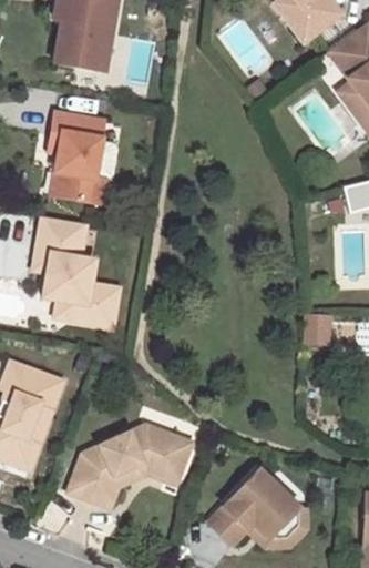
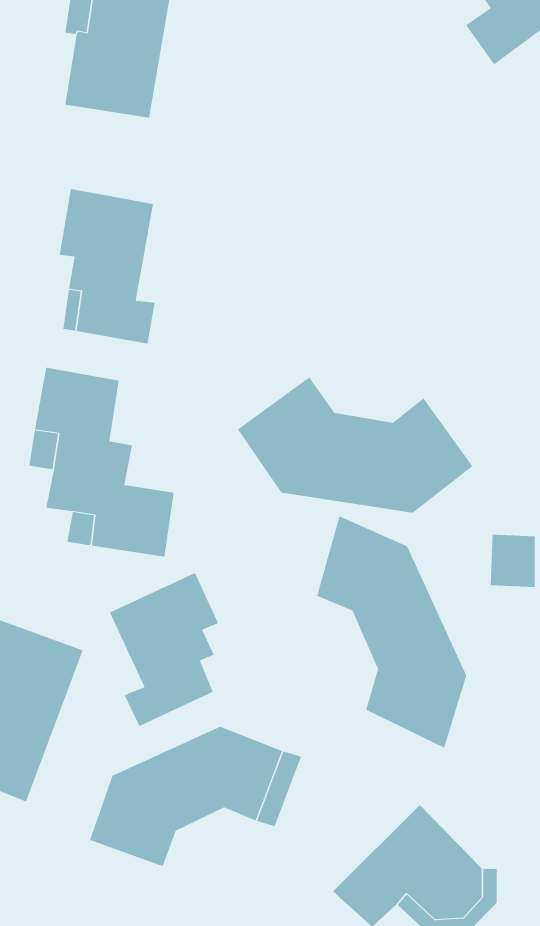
building: none -> [237,377,473,514]
building: none -> [317,515,467,748]
building: none -> [109,572,219,727]

